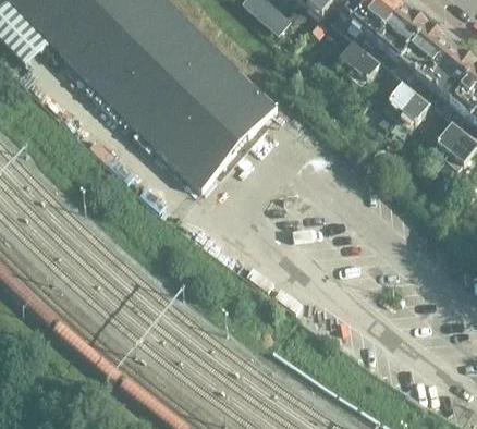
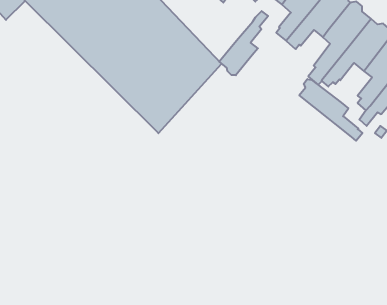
building: none -> [219,11,268,75]
building: none -> [299,79,362,141]

